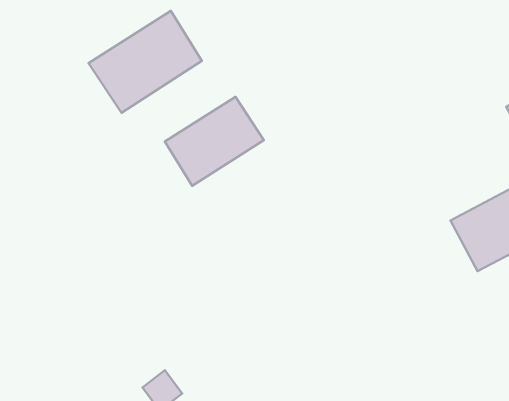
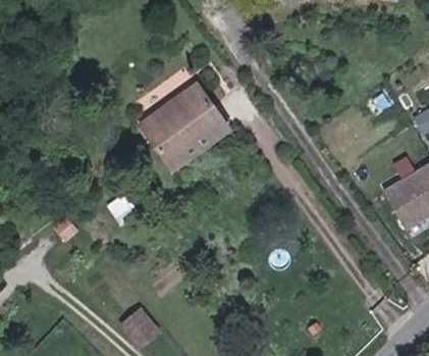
building: [89,11,202,113] -> none

